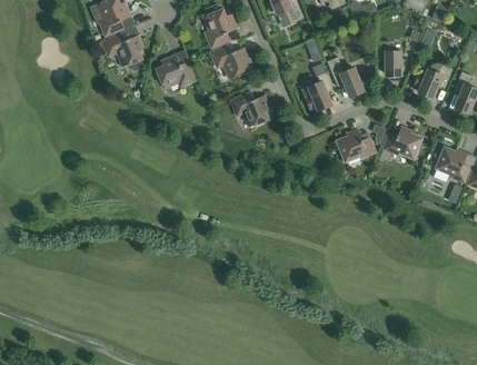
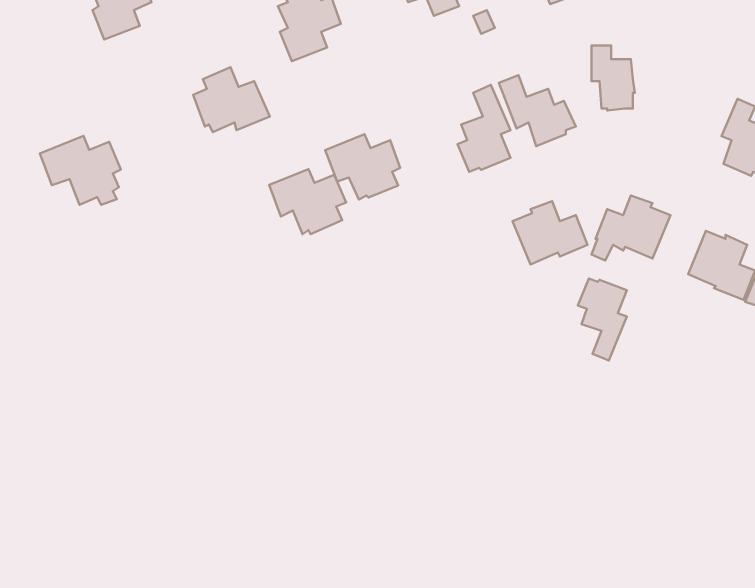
building: [100,30,146,69] -> [40,136,121,205]
building: [209,42,252,79] -> [269,169,346,234]
building: [413,63,453,98] -> none
building: none -> [578,279,627,361]

